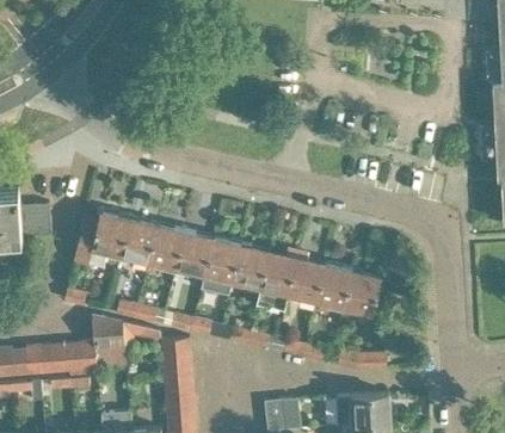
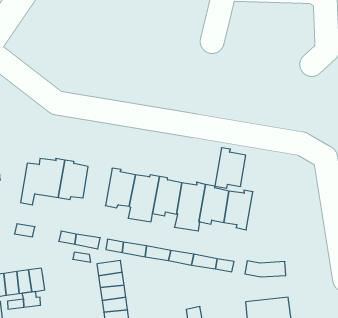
building: [149,225,186,273] -> none
building: [343,267,382,316] -> [215,148,246,188]
building: [94,317,125,353] -> none

